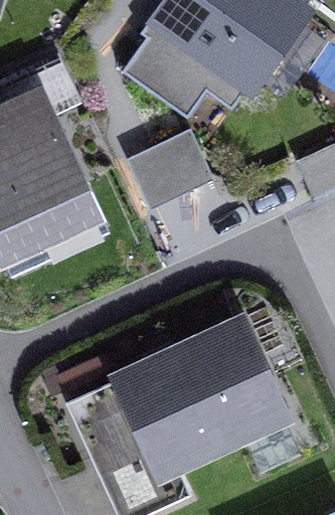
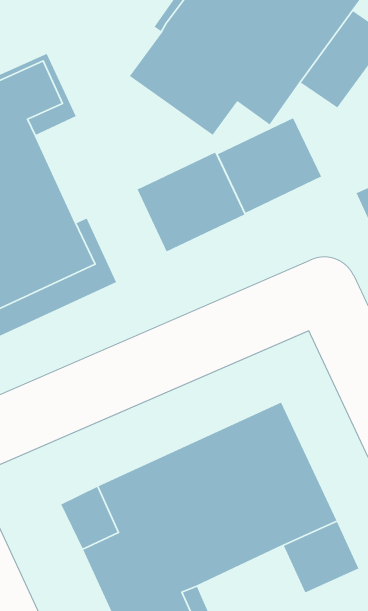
building: none -> [217,117,322,214]

